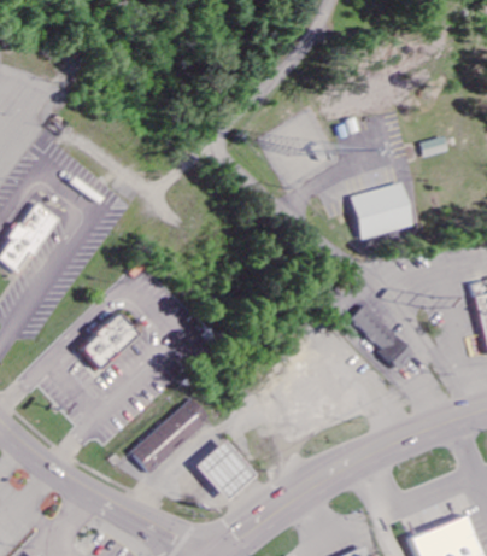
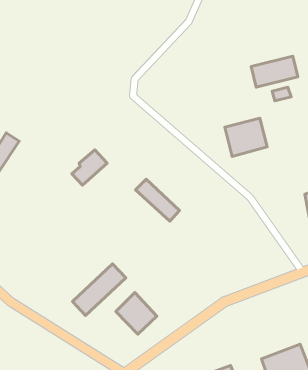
building: none -> [251,56,298,87]
building: [347,304,412,365] -> [135,179,180,221]
building: [86,316,137,368] -> [72,150,107,185]

